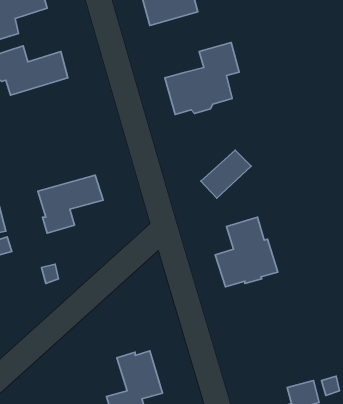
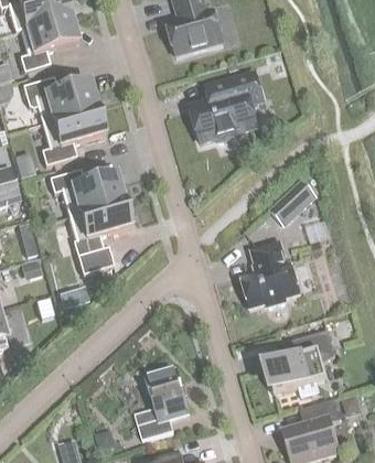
building: none -> [41,106,105,164]
building: none -> [50,169,124,215]
building: [201,150,251,198] -> [268,180,317,226]
building: none -> [77,247,114,273]
building: none -> [266,330,335,394]

